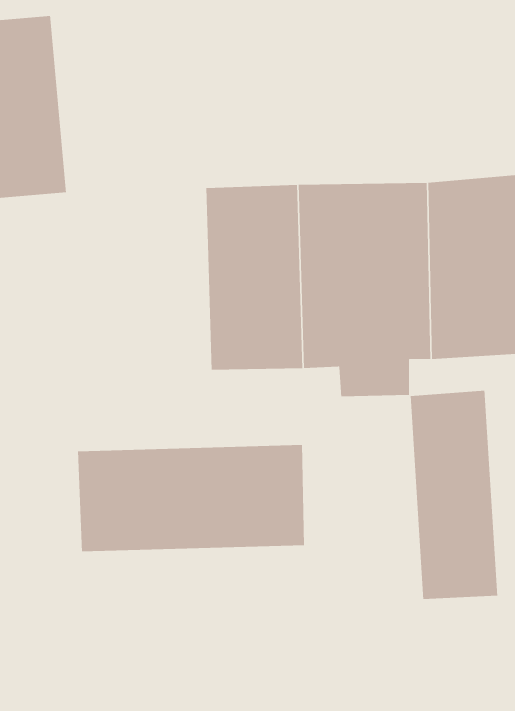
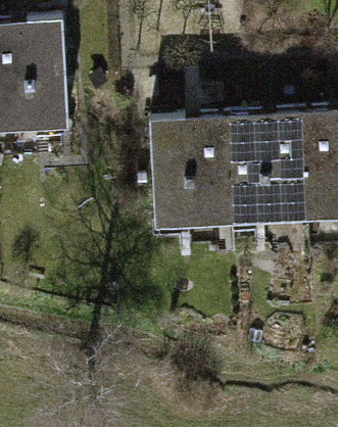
building: [410,390,498,600] -> none
building: [77,444,305,552] -> none

